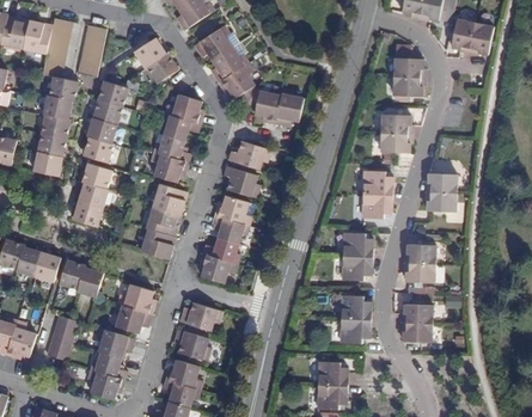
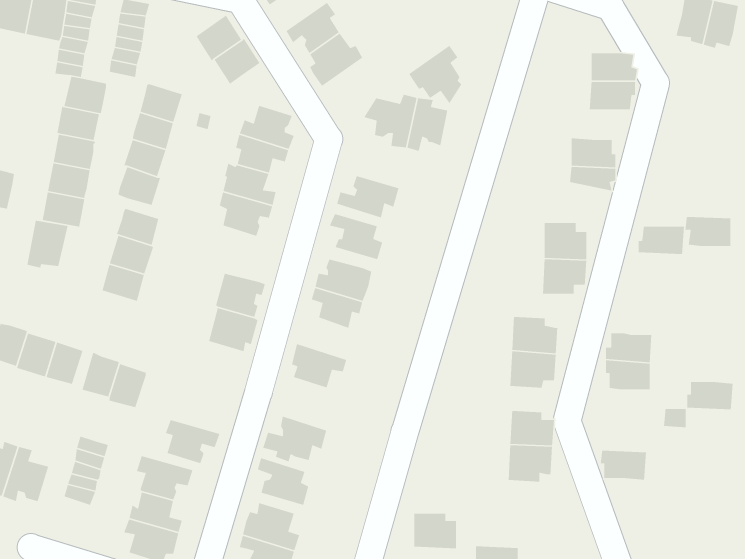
building: [218,63,253,103] -> [408,45,462,104]
building: none -> [26,220,69,268]
building: [153,184,186,211] -> none
building: [426,192,457,213] -> [684,216,731,247]
building: [201,235,237,263] -> none
building: [117,282,153,312] -> none
building: [403,305,434,324] -> [686,381,733,410]
building: [319,363,348,387] -> [414,513,457,549]

